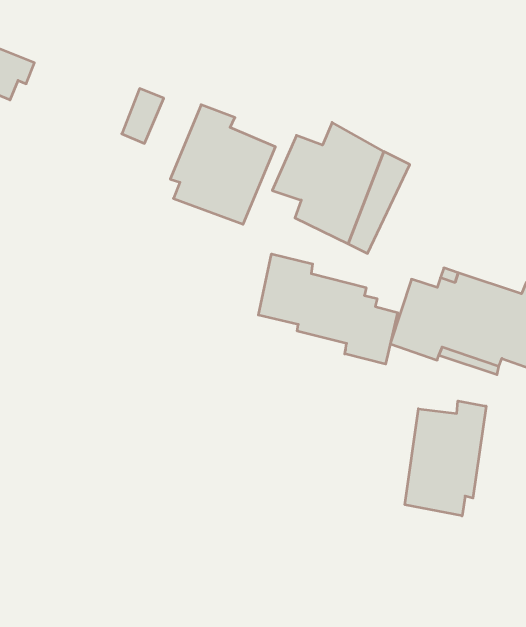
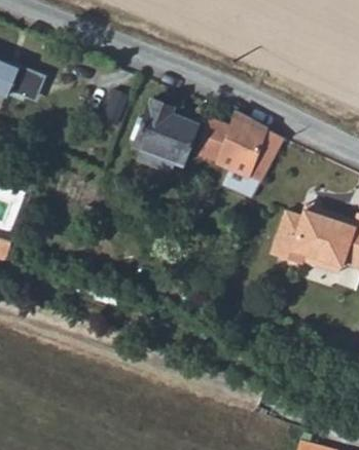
building: [258,254,398,364] -> none
building: [405,401,486,516] -> none

